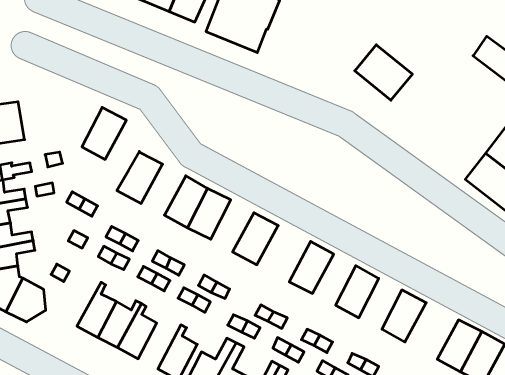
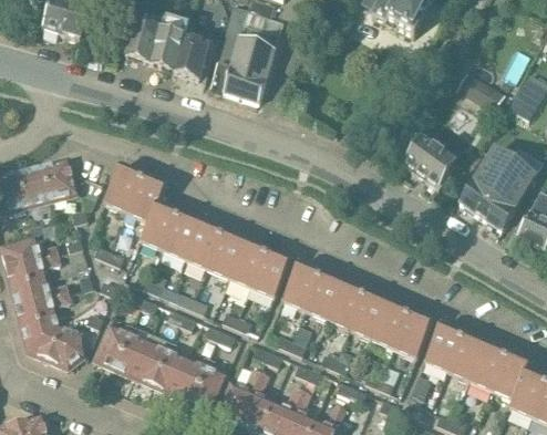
building: [355,45,412,100] -> [403,141,456,190]
building: none -> [43,159,76,200]
building: none -> [127,175,167,221]
building: none -> [164,213,203,259]
building: none -> [230,240,268,288]
building: none -> [282,263,322,311]
building: none -> [328,282,365,329]
building: none -> [372,301,410,348]
building: none -> [94,323,133,367]
building: none -> [425,323,464,371]
building: none -> [173,356,209,401]

